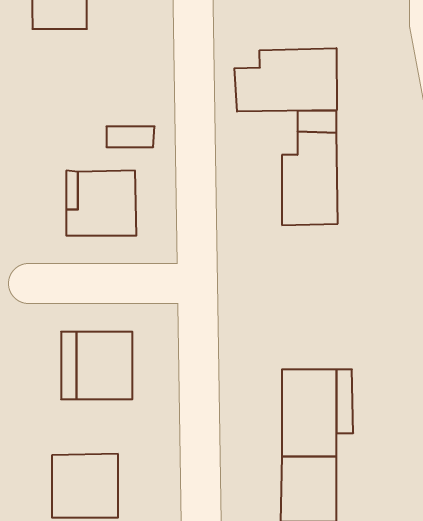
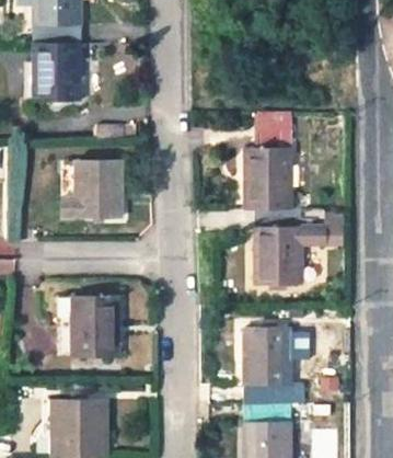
building: none -> [33,42,80,99]
building: [234,48,337,112] -> none
building: none -> [255,207,321,283]

